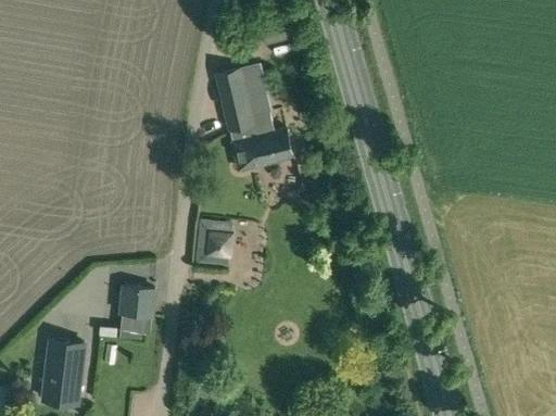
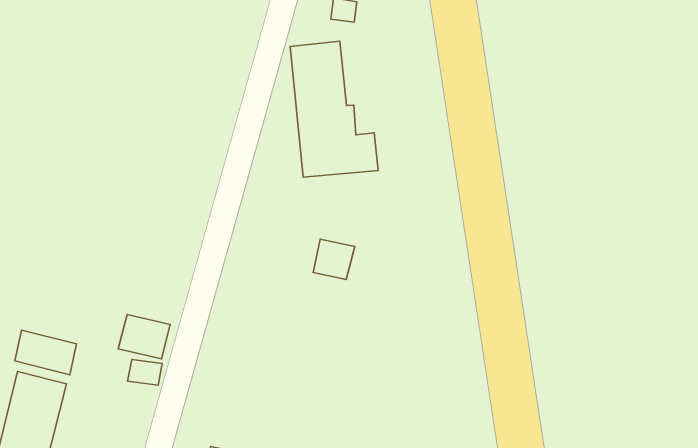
building: [205,231,233,259] -> [313,239,355,280]
building: none -> [15,330,77,375]

